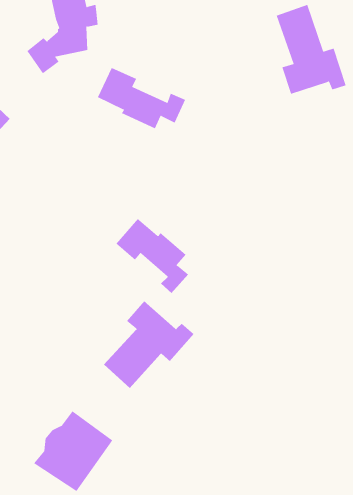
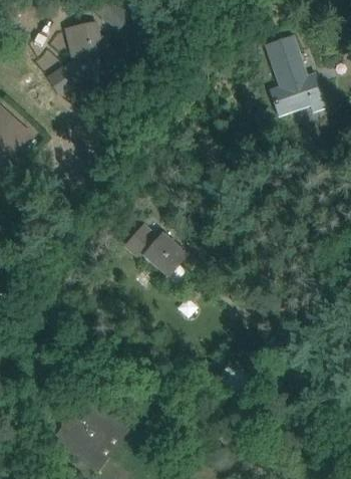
building: [97,67,186,129] -> none
building: [103,301,195,389] -> none

